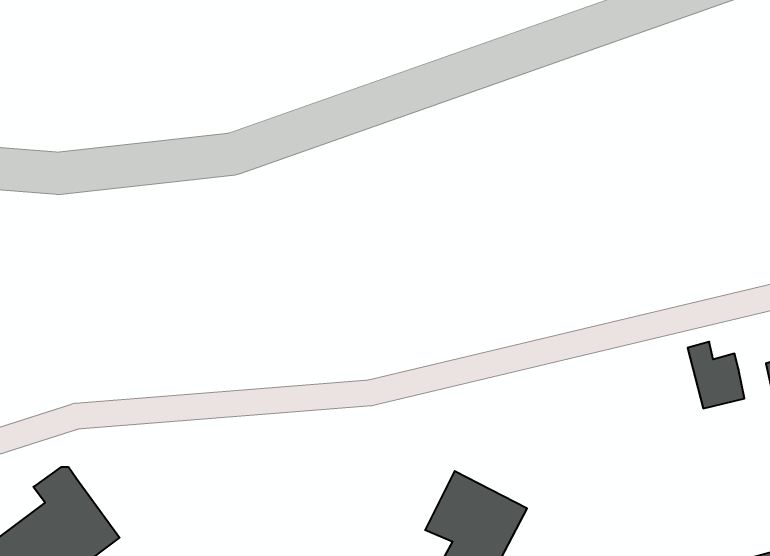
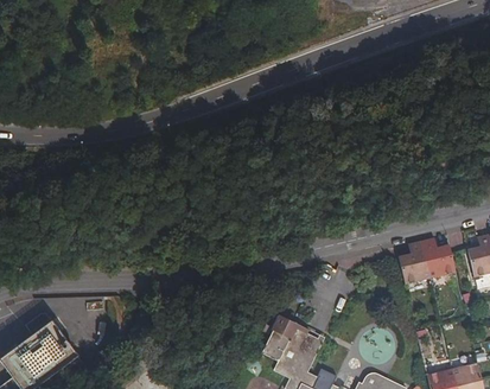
building: none -> [399,241,431,285]

